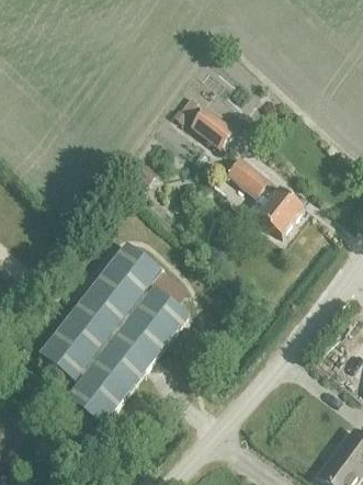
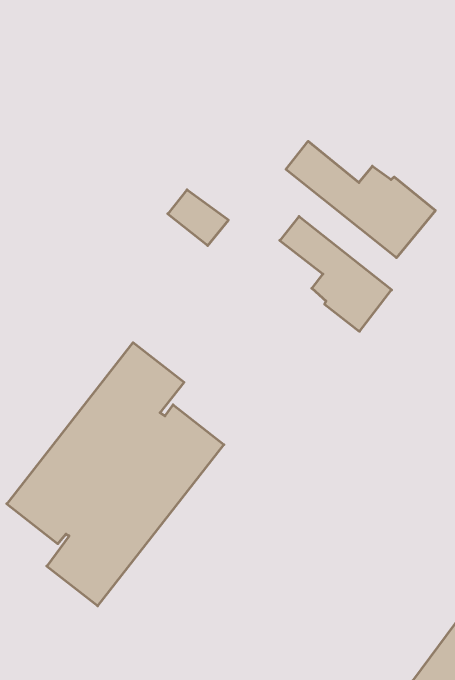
building: none -> [286,141,435,258]
building: [194,108,236,146] -> [168,190,228,246]

